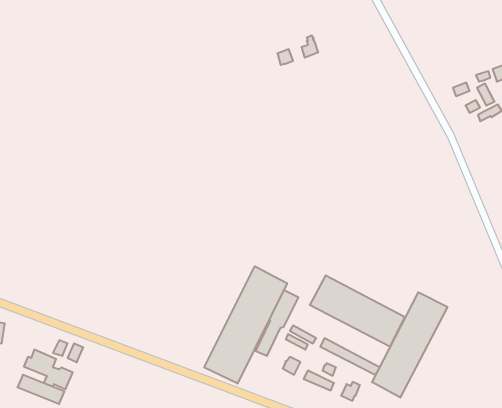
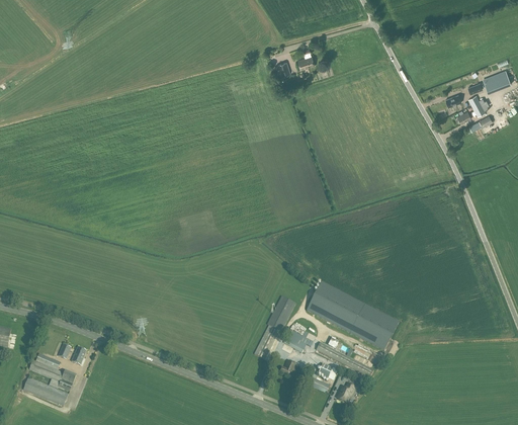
building: [204,266,287,384] -> none
building: [372,292,447,398] -> none

